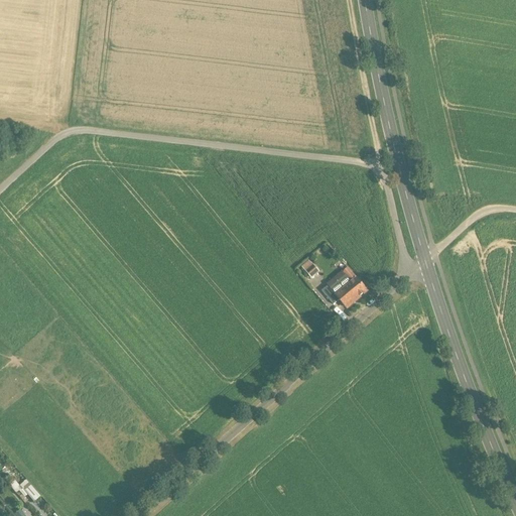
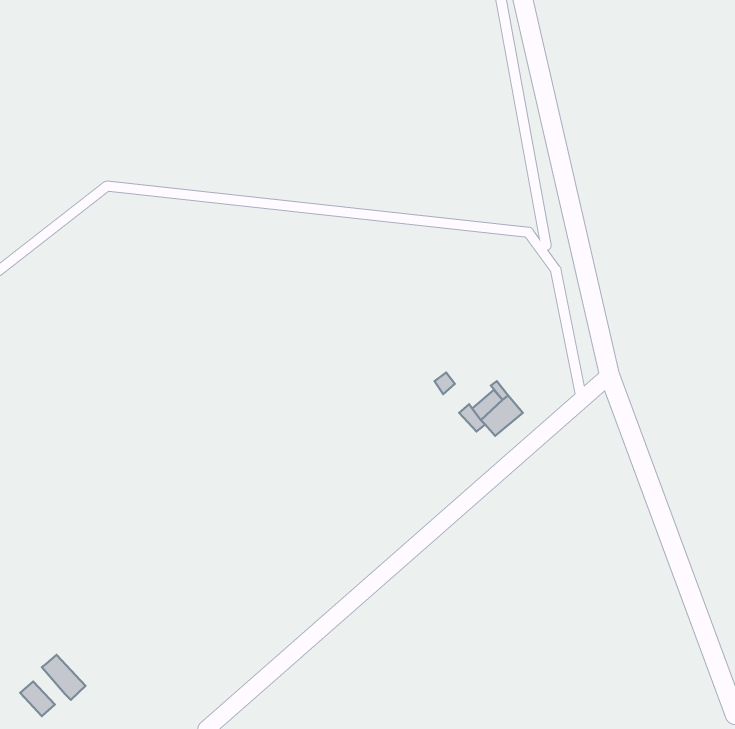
building: none -> [42,655,85,700]

